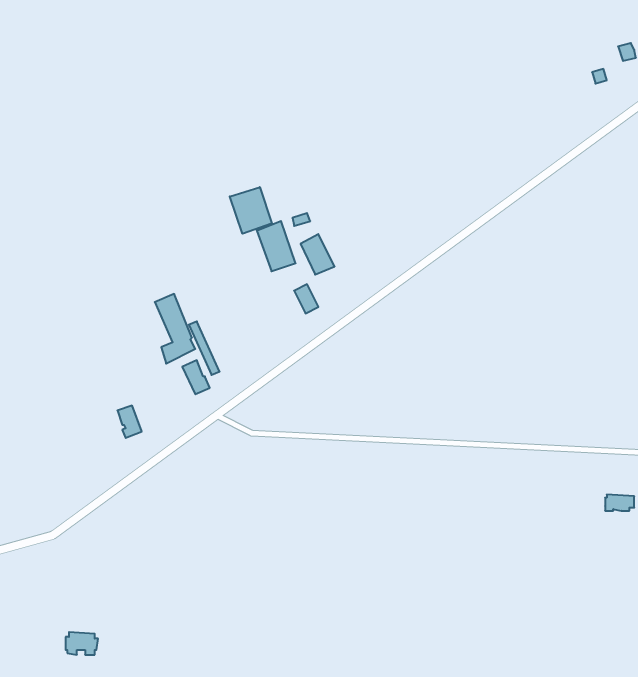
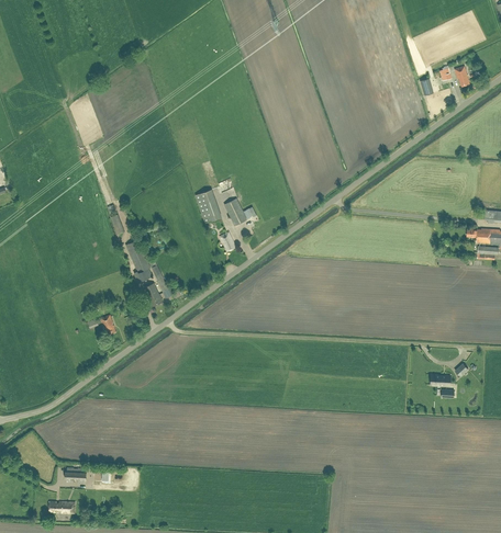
building: [230,187,272,234] -> none

